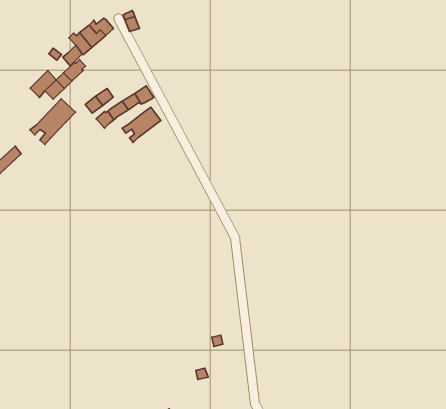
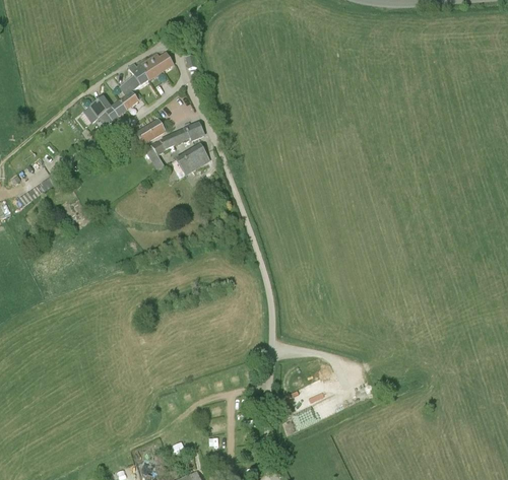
building: [30,99,75,145] -> none

